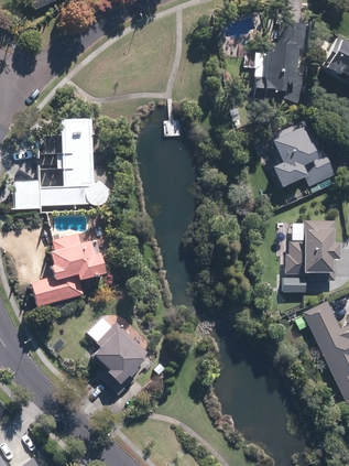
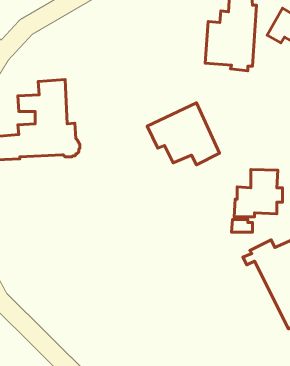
building: [252,117,335,187] -> [147,103,220,165]
building: [31,234,108,306] -> none
building: [86,316,149,382] -> none

